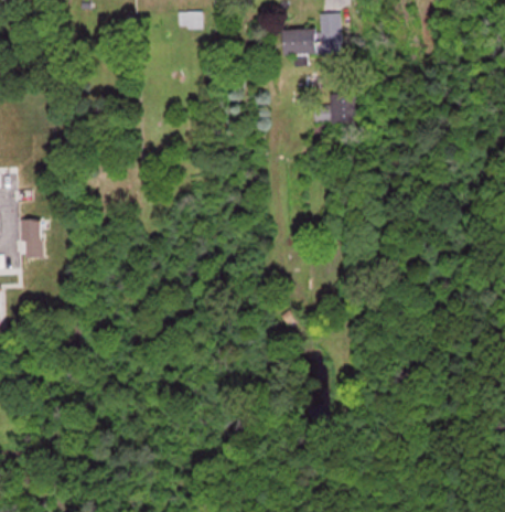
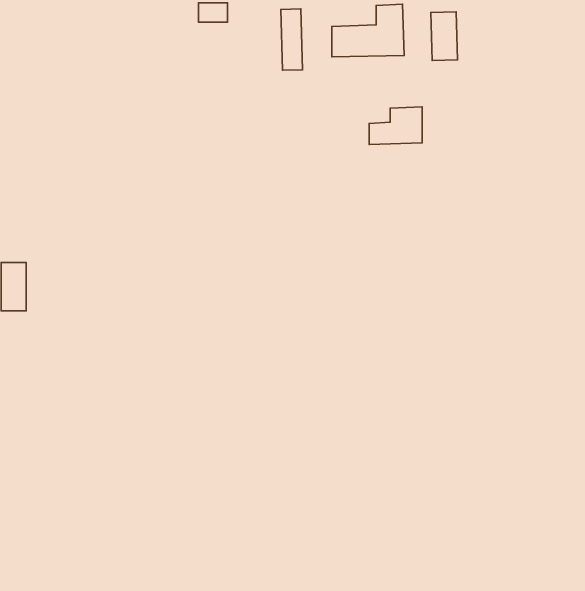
building: none -> [281,9,303,70]
building: none -> [431,12,457,60]

